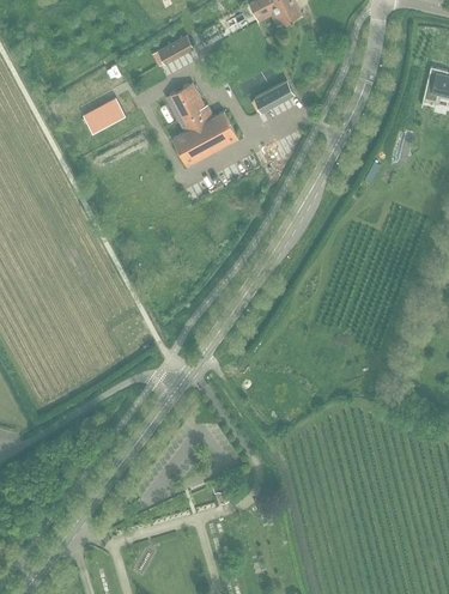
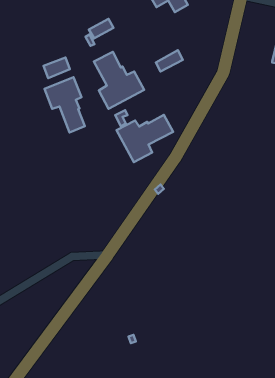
building: none -> [45,77,85,132]
building: none -> [117,115,173,162]

